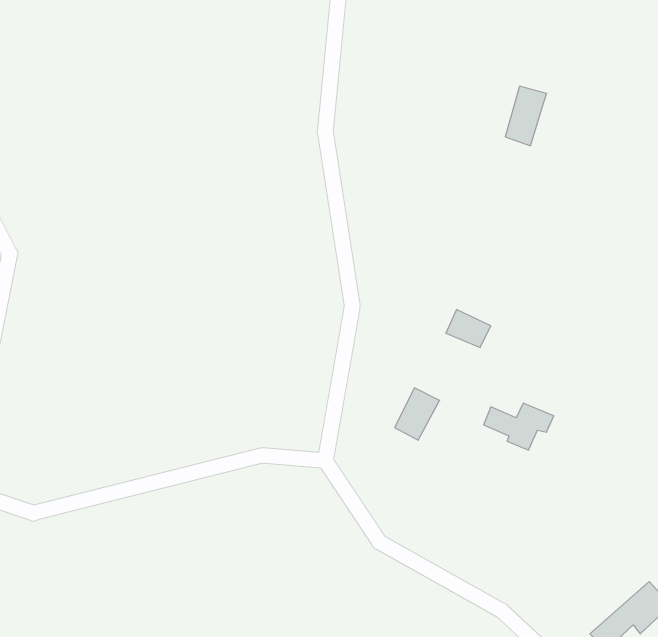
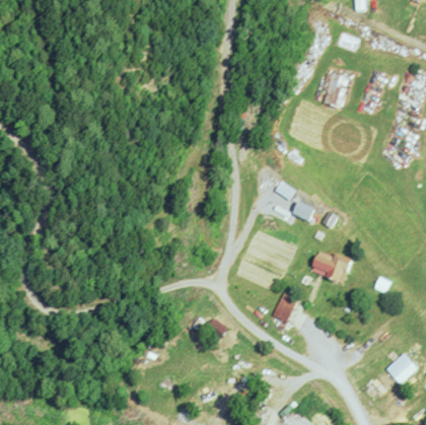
building: [395,388,440,440] -> [271,293,296,323]

